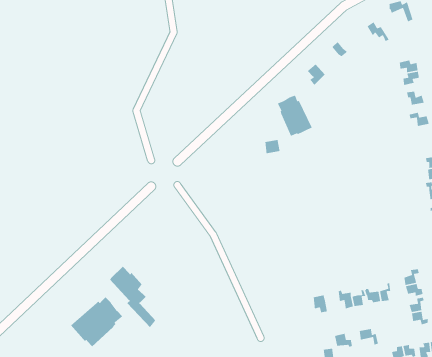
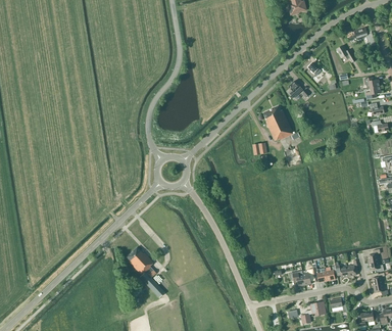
building: [70,296,123,347] -> none

